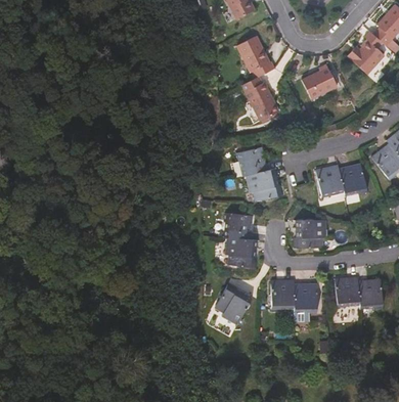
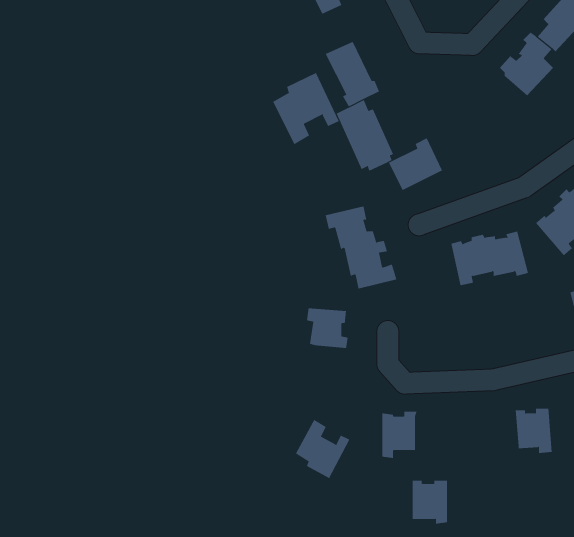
building: none -> [272,72,340,145]
building: [302,64,338,99] -> [388,138,443,191]
building: [298,218,327,247] -> none
building: [226,236,256,266] -> none
building: [337,276,361,307] -> none
building: [295,282,318,311] -> [412,480,448,524]

